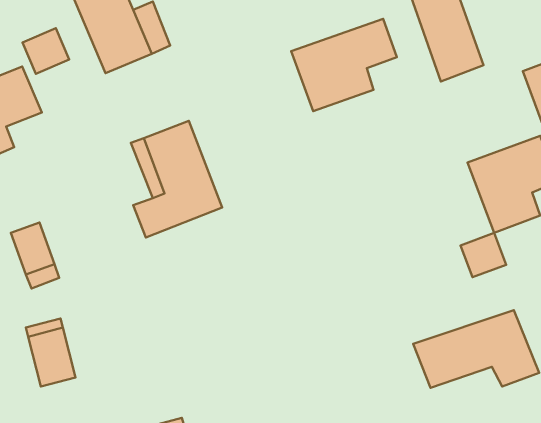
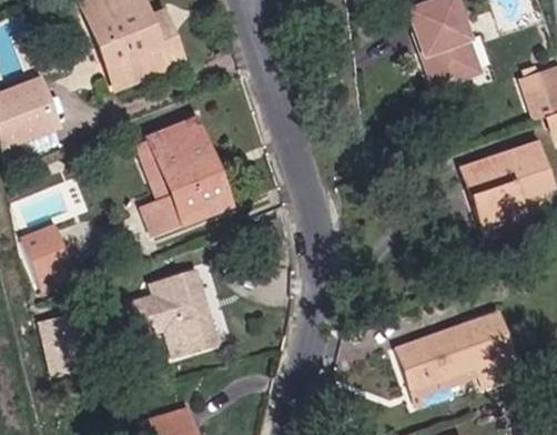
building: [291,19,397,111] -> none
building: [23,28,69,74] -> none
building: [461,233,506,277] -> none
building: none -> [140,271,224,355]

